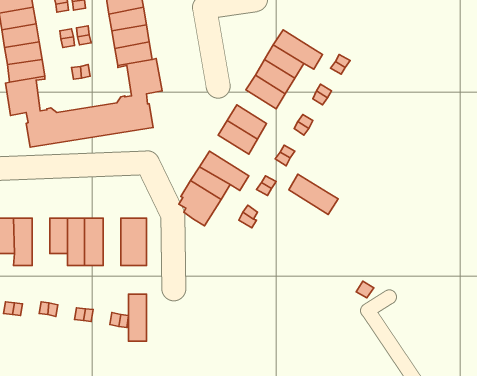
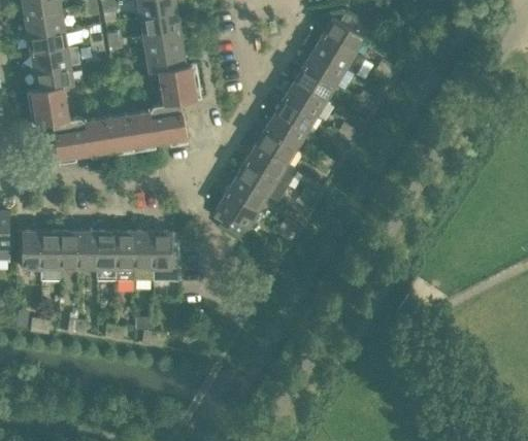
building: none -> [323,13,368,56]
building: none -> [274,99,316,134]
building: [289,174,338,215] -> [245,146,297,189]
building: none -> [60,233,78,270]
building: [129,294,146,341] -> [134,233,153,282]

